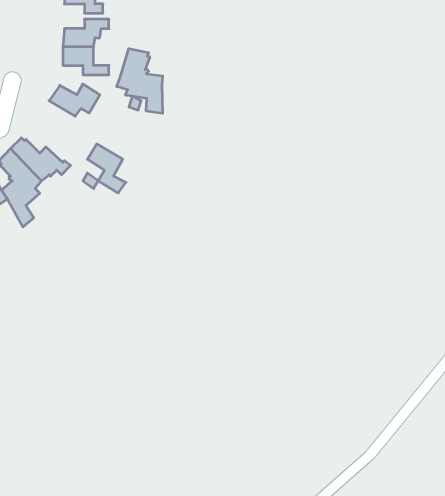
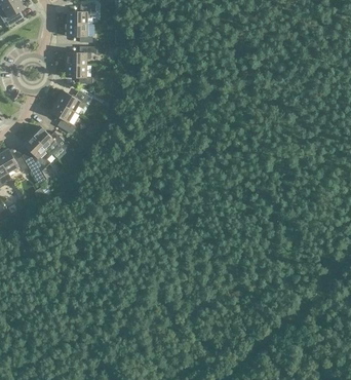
building: [117,49,163,113] -> none
building: [87,144,126,193] -> [49,101,75,134]

